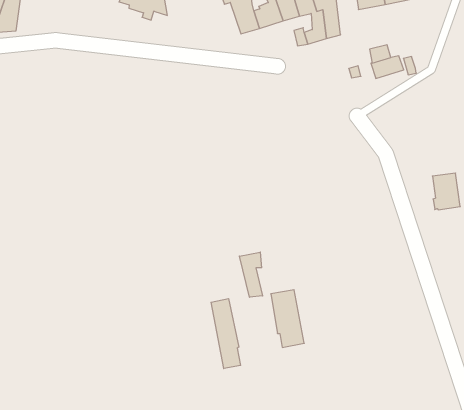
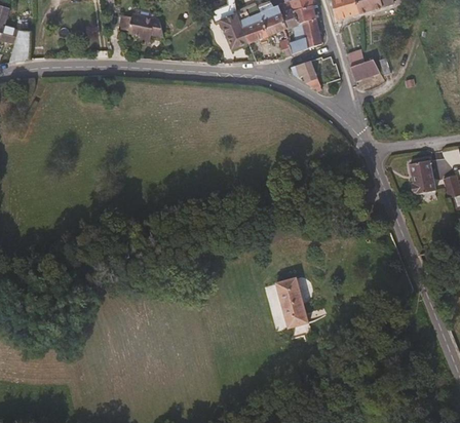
building: none -> [291,60,320,88]
building: [239,252,263,297] -> none
building: [211,299,241,369] -> none

